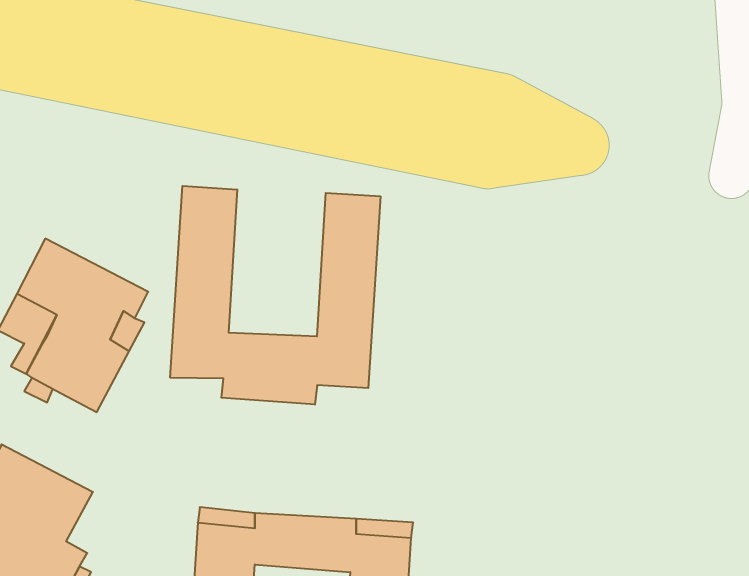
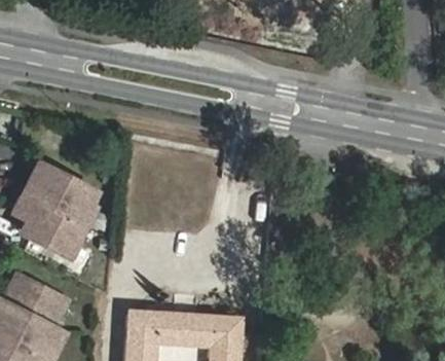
building: [170,186,380,405] -> none

